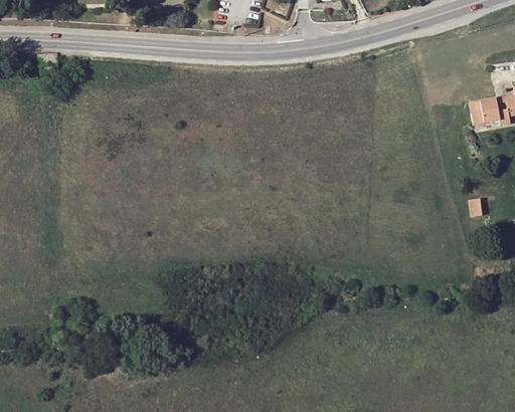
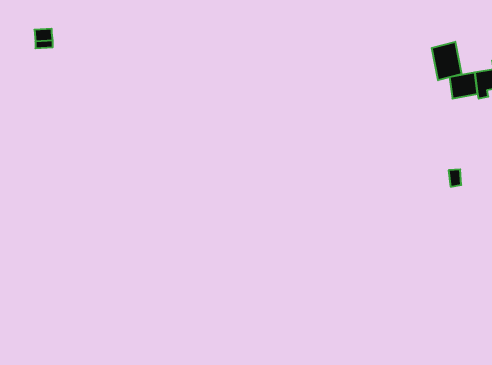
building: none -> [432,42,461,80]

